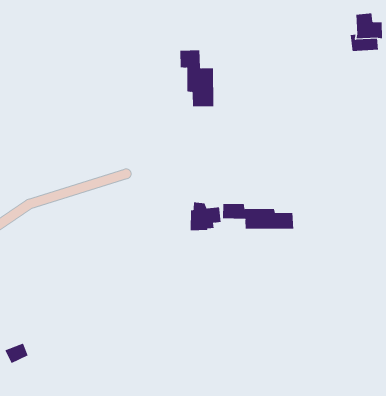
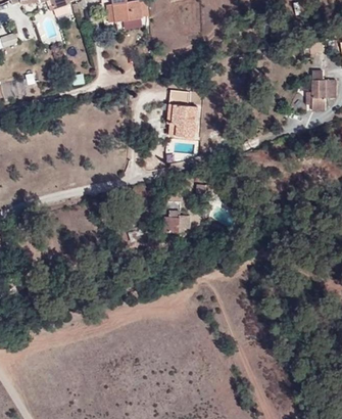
building: [222,203,294,229] -> none

